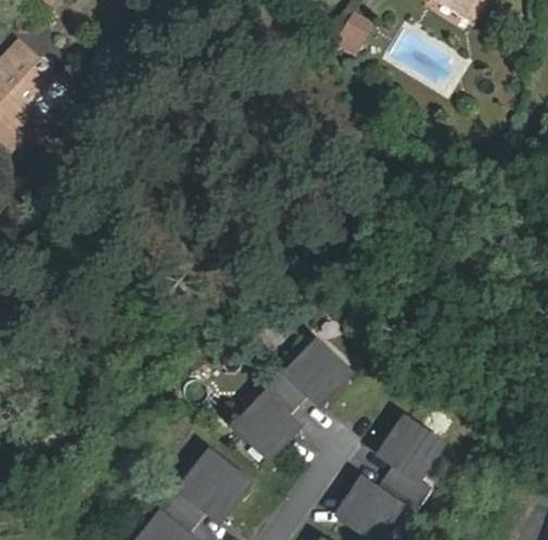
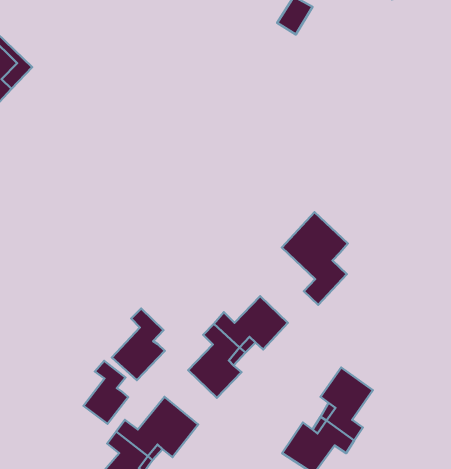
building: none -> [282,212,348,305]
building: none -> [112,308,165,380]
building: none -> [84,361,128,424]

